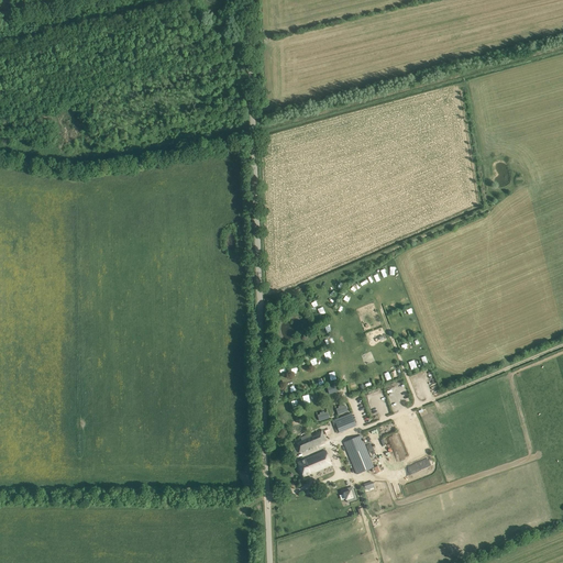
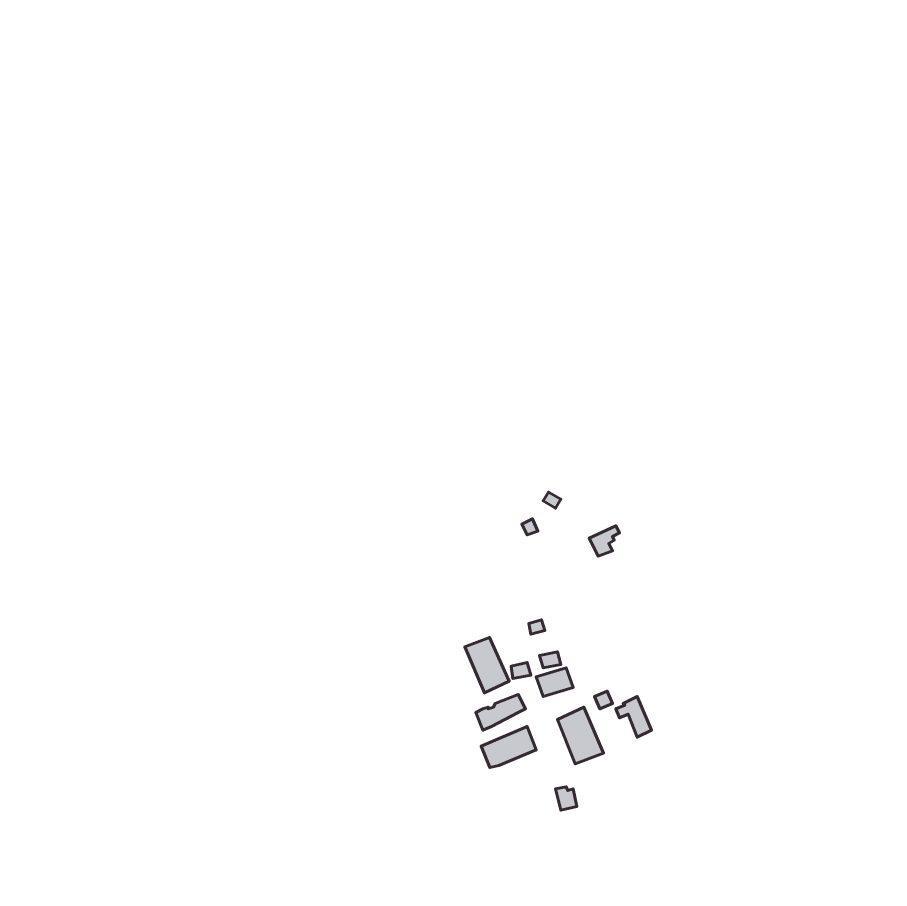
building: none -> [465,637,509,693]

